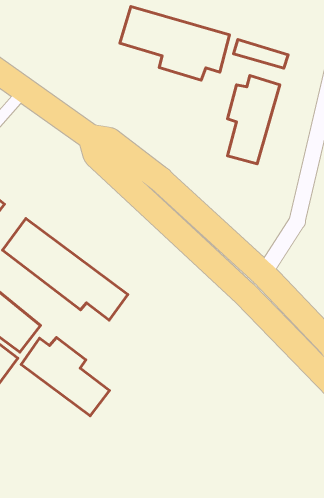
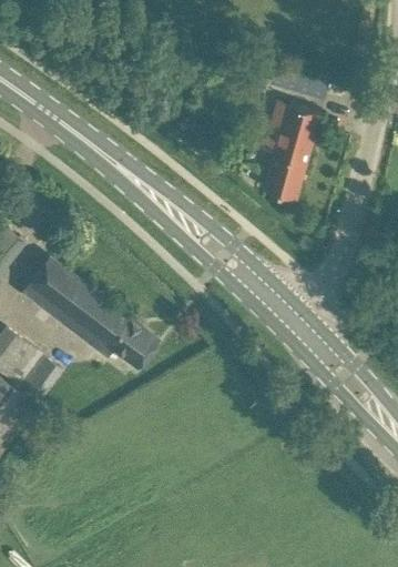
building: [120,7,230,80] -> none
building: [21,337,110,416] -> none

